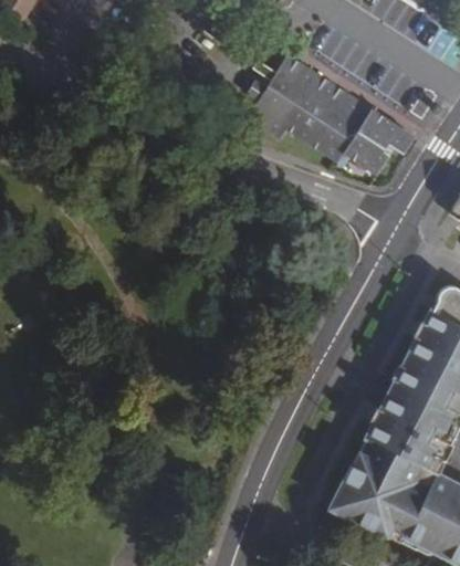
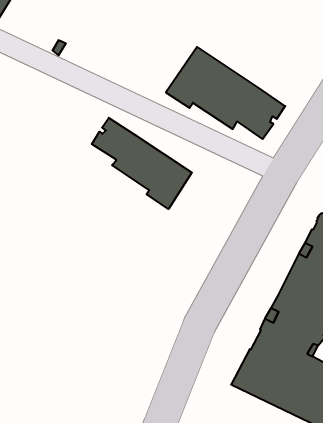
building: none -> [92,118,192,209]

